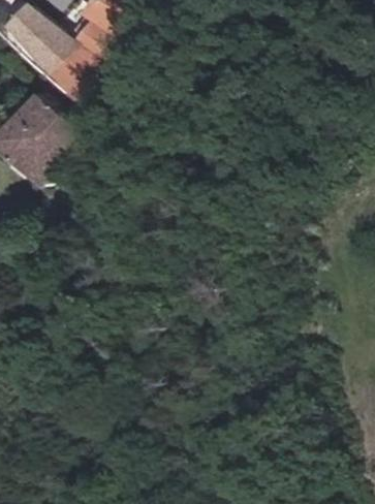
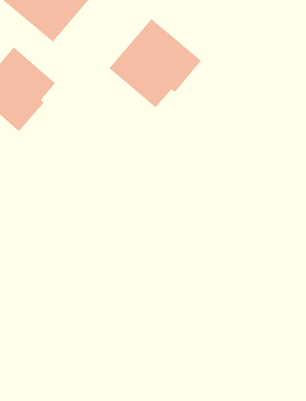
building: none -> [109,18,202,108]

